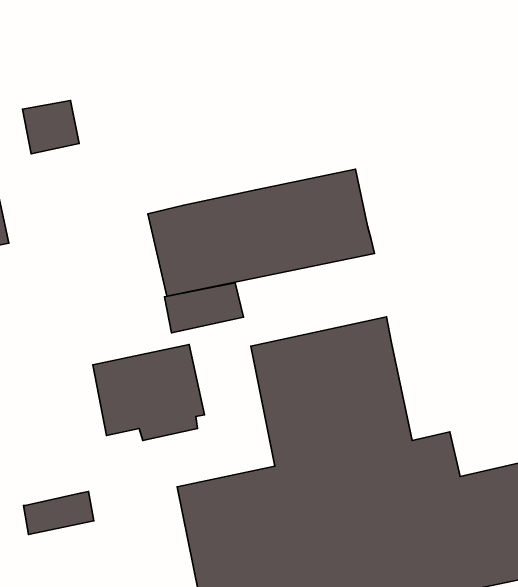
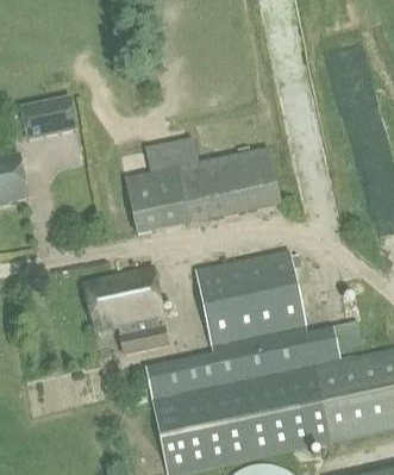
building: [165,283,244,333] -> [144,137,199,171]
building: [23,492,94,535] -> [119,325,168,355]

